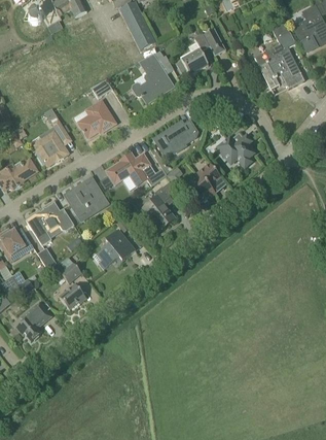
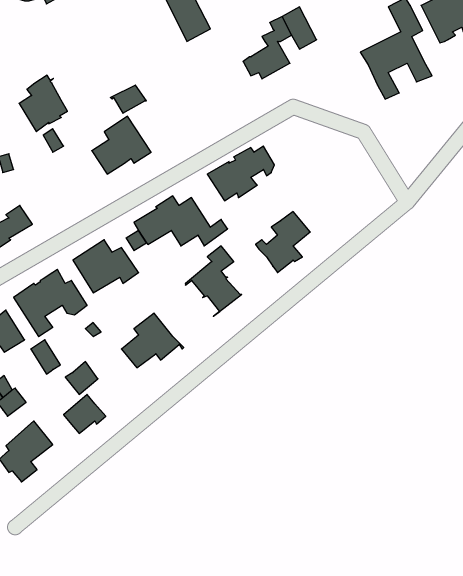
building: [133,50,174,103] -> none
building: [36,130,68,167] -> [19,75,67,132]
building: [217,135,254,167] -> none

